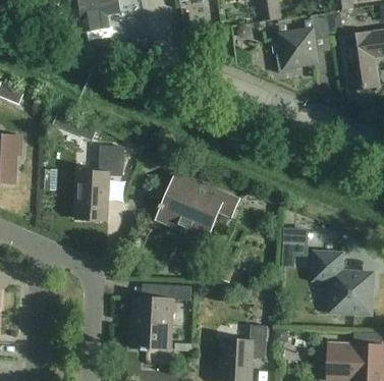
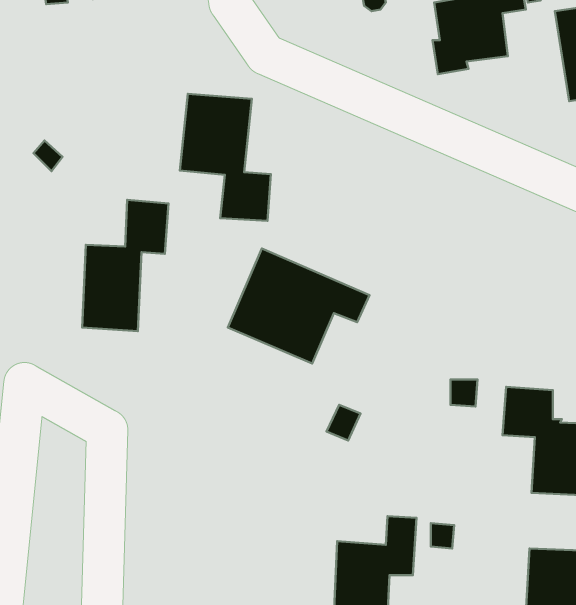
building: none -> [180,94,271,221]
building: [130,284,190,348] -> none

